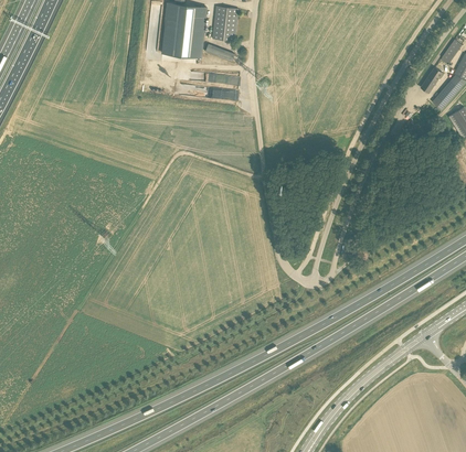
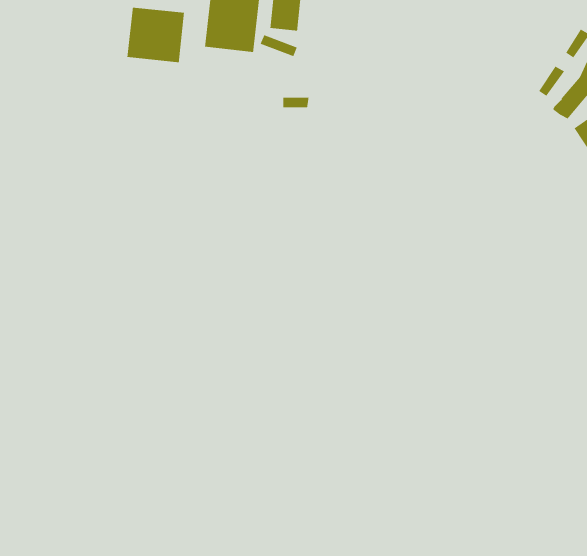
building: none -> [127,7,185,63]

